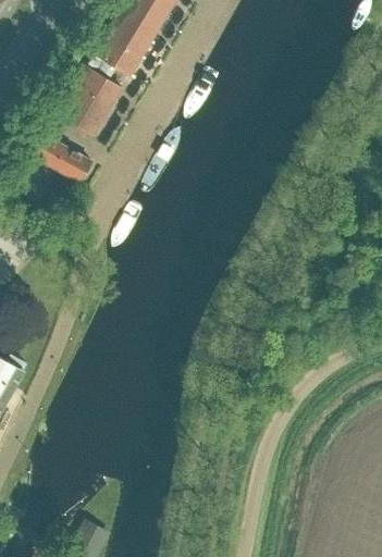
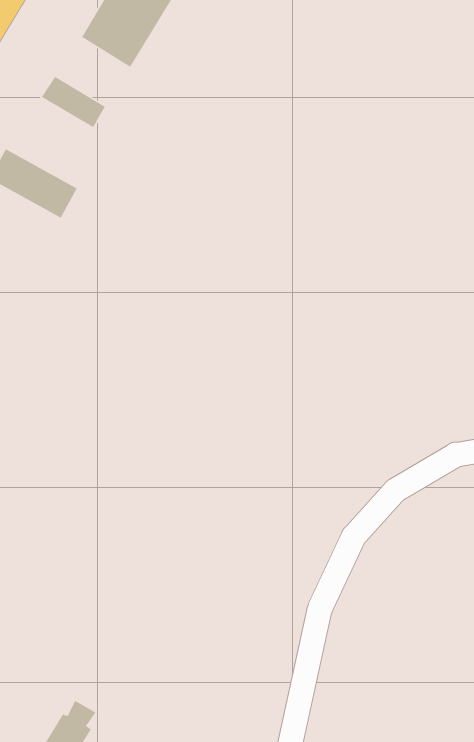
building: [75,64,121,102] -> none
building: [57,96,102,134] -> none

